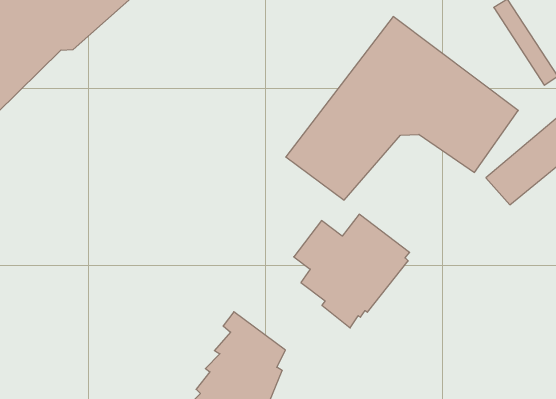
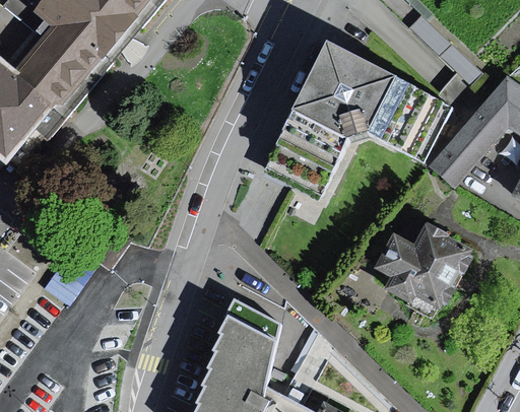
building: [294,214,410,328] -> [370,220,465,316]

